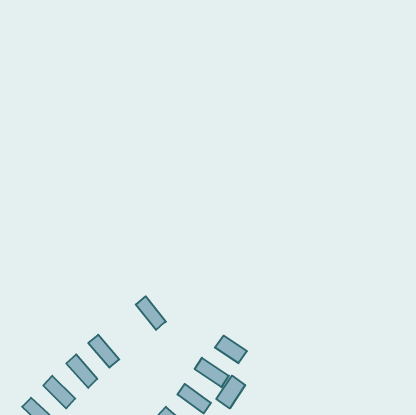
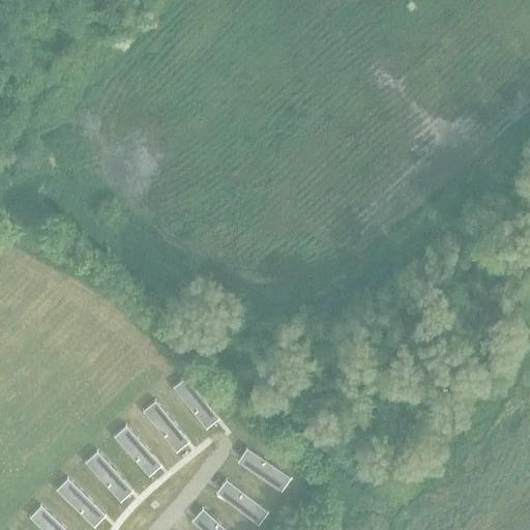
building: none -> [143,403,182,444]
building: [215,336,247,363] -> none
building: [216,376,245,408] -> none

